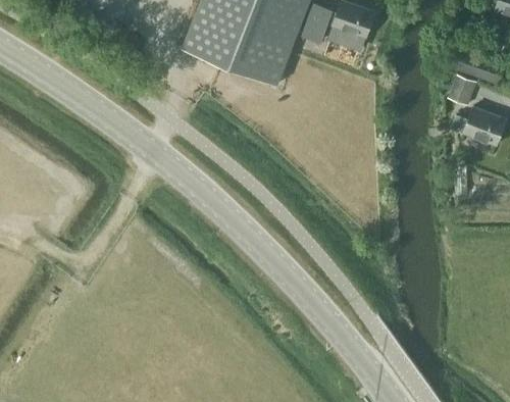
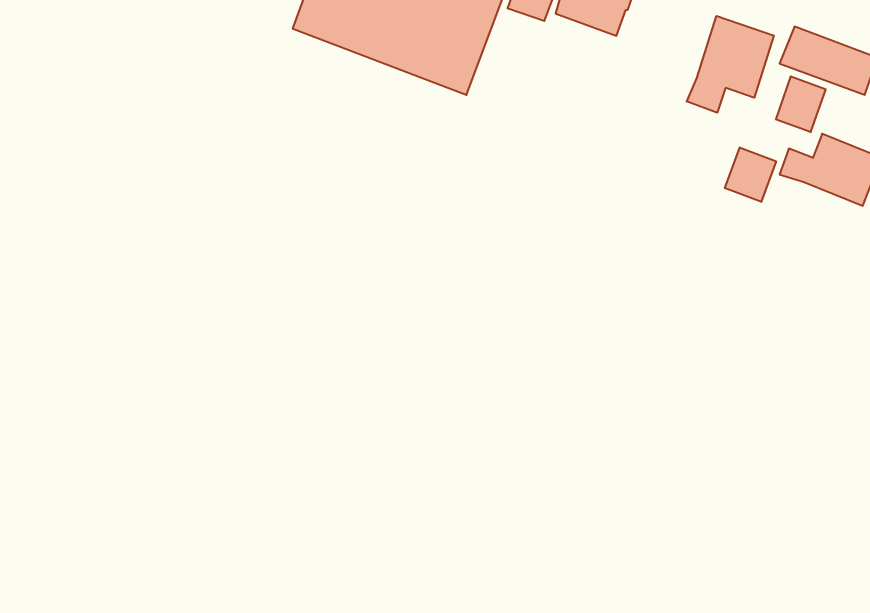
building: none -> [687,16,774,113]
building: none -> [725,147,776,202]

